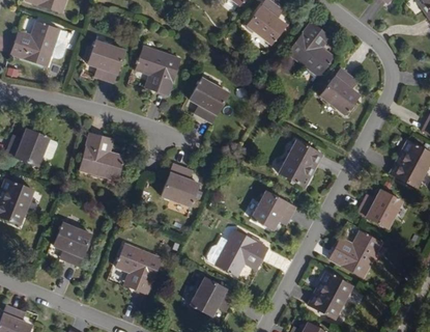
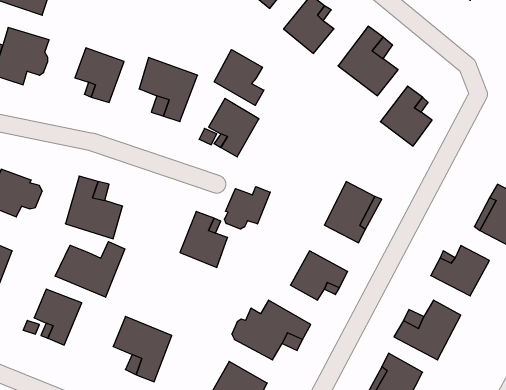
building: none -> [214,50,264,105]
building: none -> [224,187,270,229]
building: none -> [55,242,125,297]

